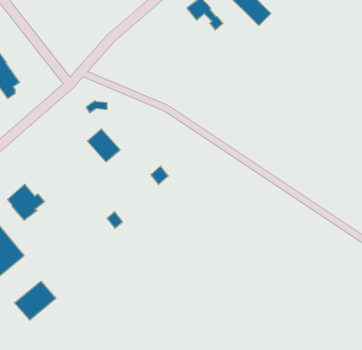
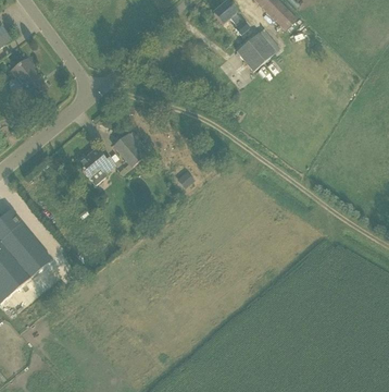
building: none -> [237,27,280,70]
building: [8,184,45,220] -> [78,147,115,183]
building: [15,281,56,320] -> none

